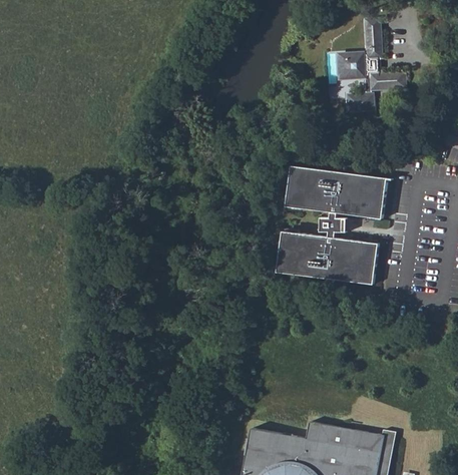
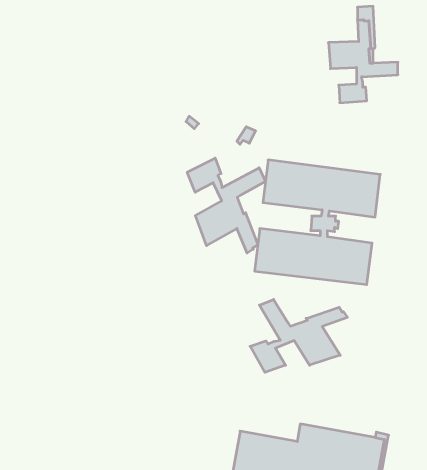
building: none -> [187,158,265,253]
building: none -> [250,299,347,372]

